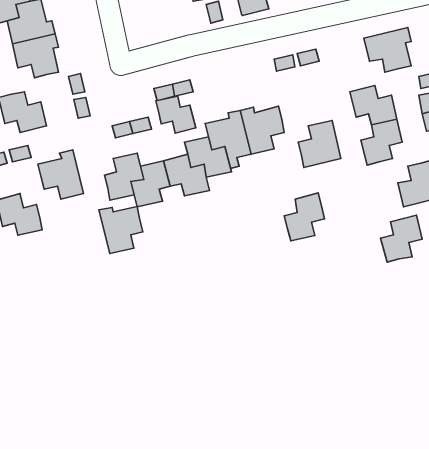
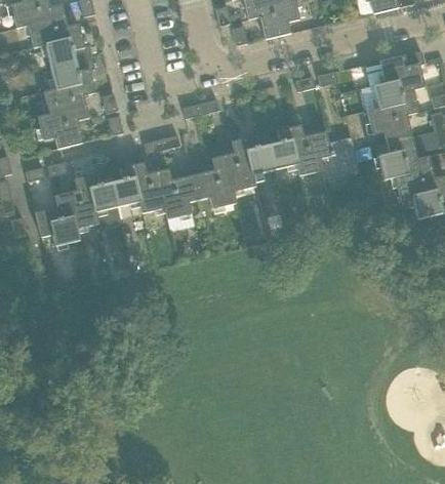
building: none -> [372,80,416,117]
building: none -> [44,85,88,123]
building: [156,96,196,133] -> none
building: none -> [54,190,98,229]
building: [284,193,325,241] -> [292,130,330,175]
building: [99,207,143,254] -> [107,162,148,206]
building: [380,215,422,262] -> [394,155,433,199]

